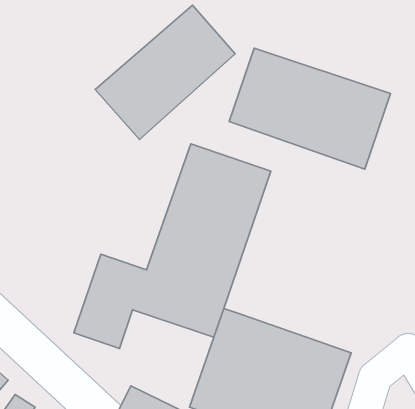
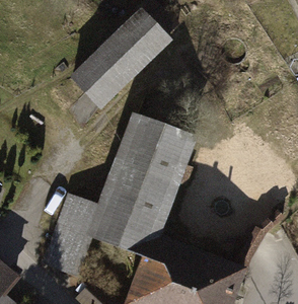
building: [229,48,391,169] -> none

